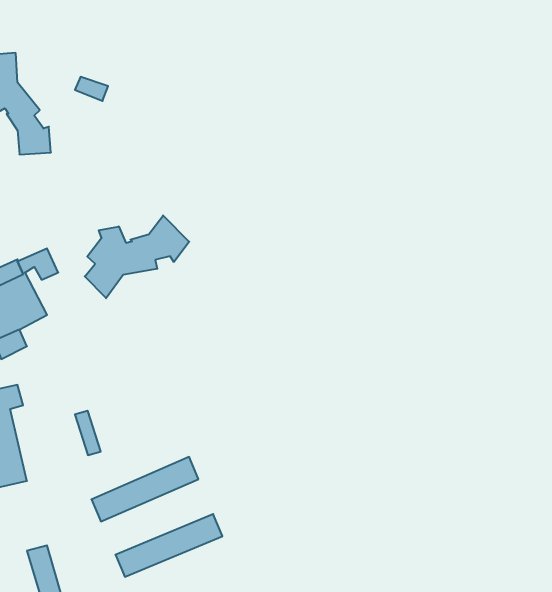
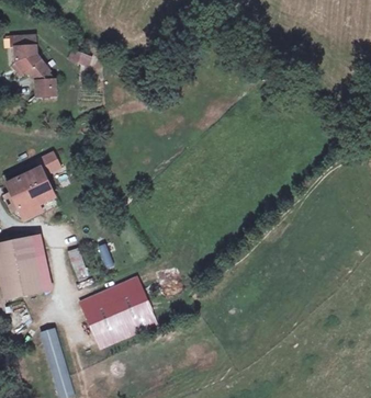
building: [85,215,189,298] -> none
building: none -> [86,291,153,336]

